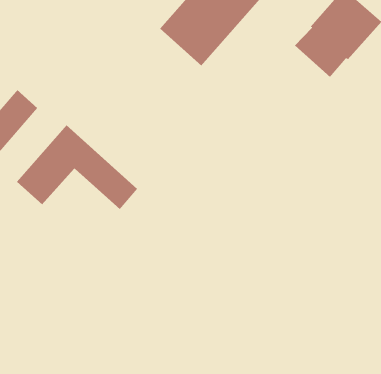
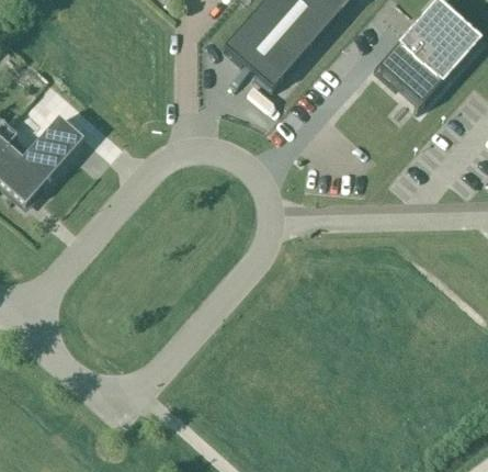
building: [16,125,138,210] -> none

